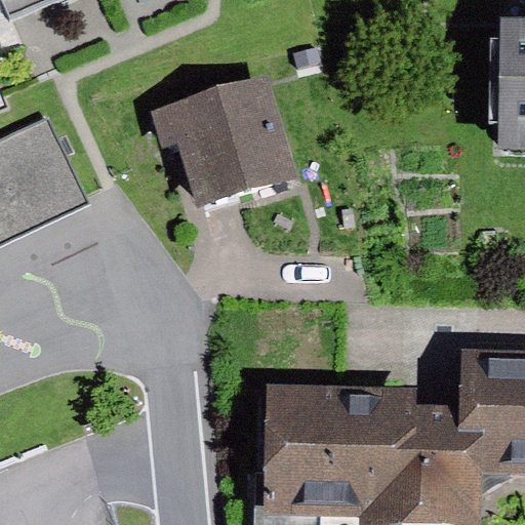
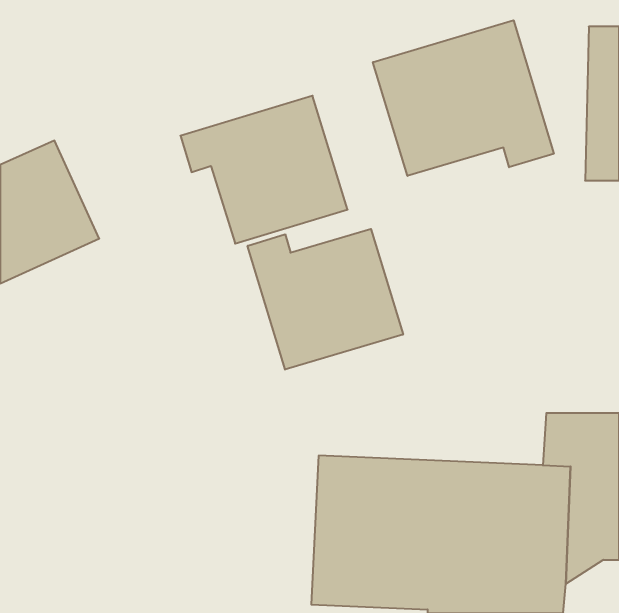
building: none -> [373,20,554,176]
building: none -> [248,229,403,370]

